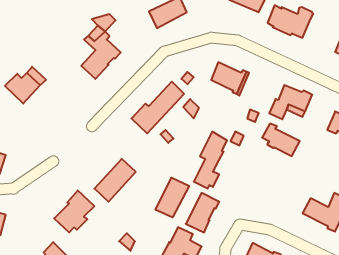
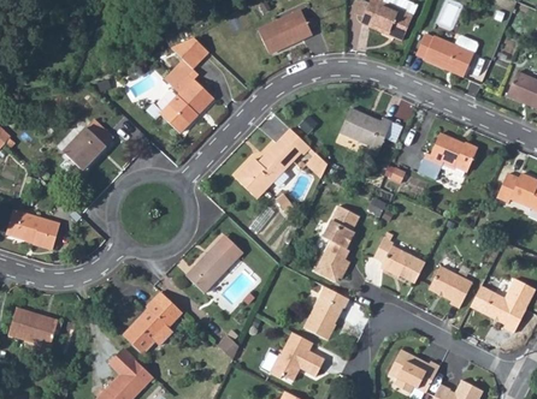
building: [262,124,300,156] -> [371,242,423,286]
building: [156,178,189,217] -> none
building: none -> [427,269,471,310]

